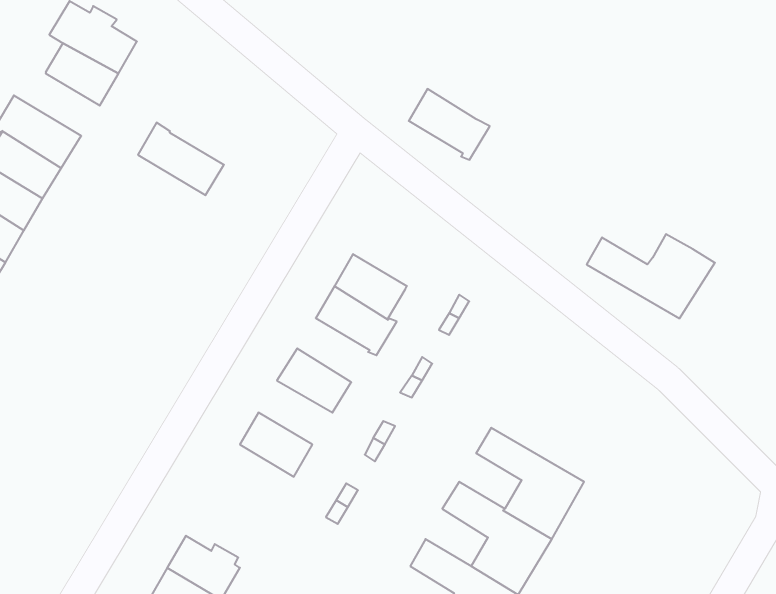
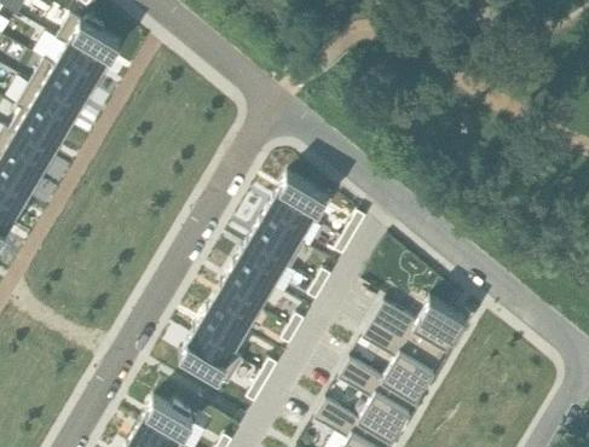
building: [409,89,490,160] -> [272,175,330,226]
building: [138,123,224,195] -> [29,62,91,114]
building: [587,234,715,318] -> [371,301,463,361]
building: none -> [232,244,284,290]
building: none -> [204,289,258,335]
building: none -> [178,335,239,387]

